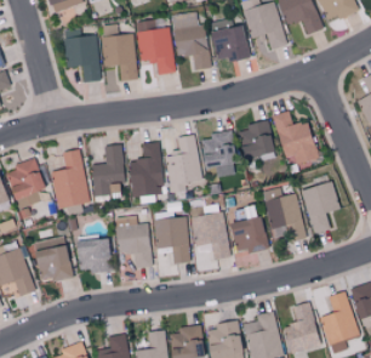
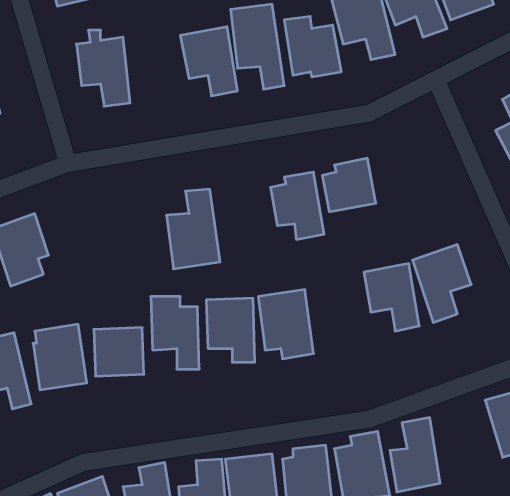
building: [102,25,137,81] -> none
building: [272,110,319,165] -> none
building: [166,135,202,193] -> none
building: [91,144,126,197] -> none
building: [53,149,89,208] -> none
building: [230,205,266,254] -> none
building: [319,291,360,345] -> none

